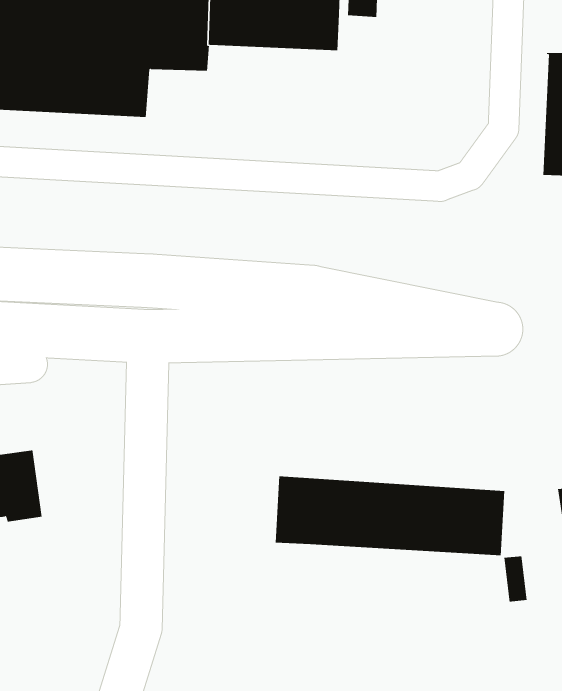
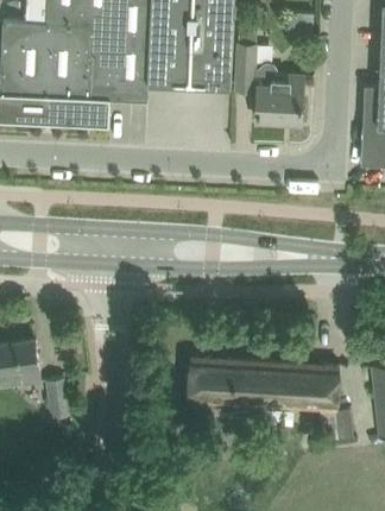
building: none -> [254,67,303,125]
building: none -> [45,379,69,419]

